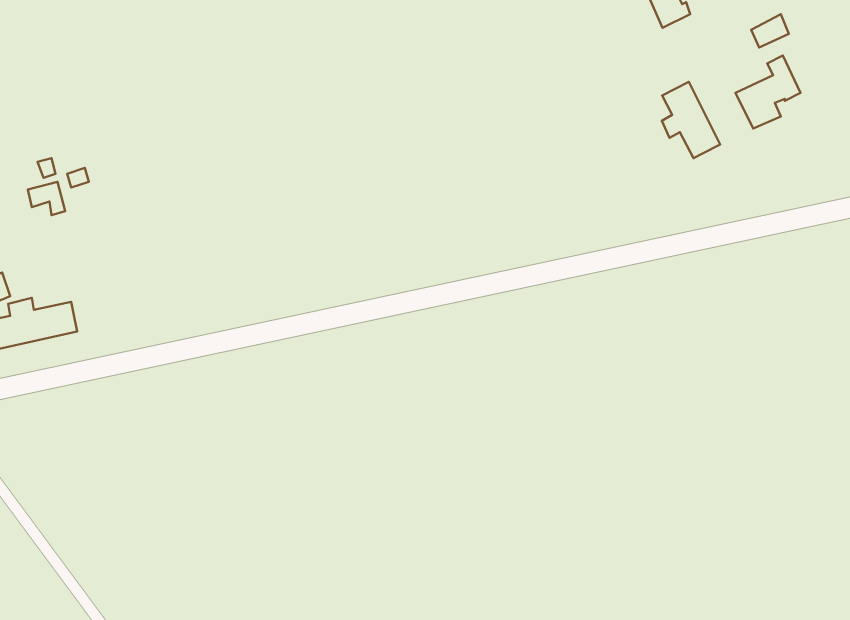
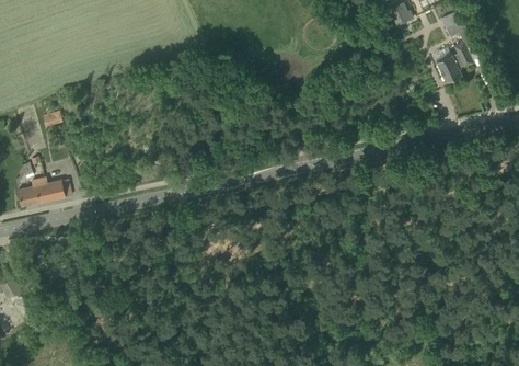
building: [662,82,720,158] -> none

